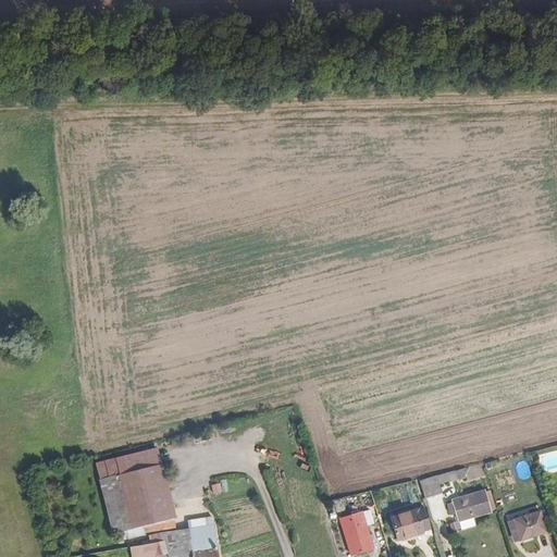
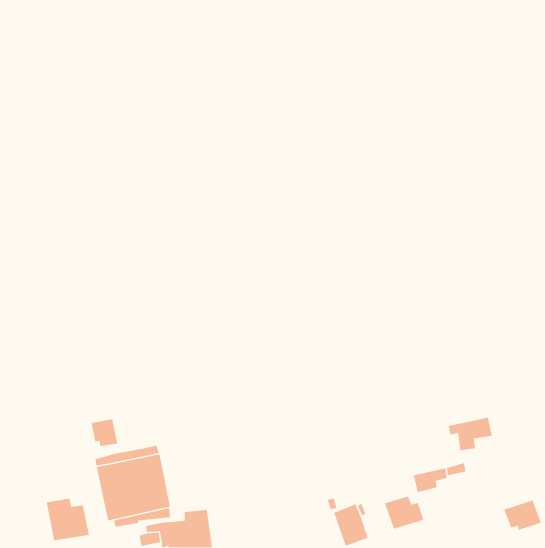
building: none -> [91,419,118,447]
building: [448,494,494,529] -> [448,417,493,451]
building: none -> [46,498,90,541]

